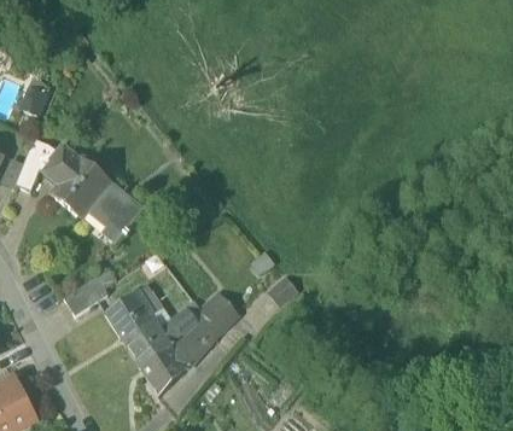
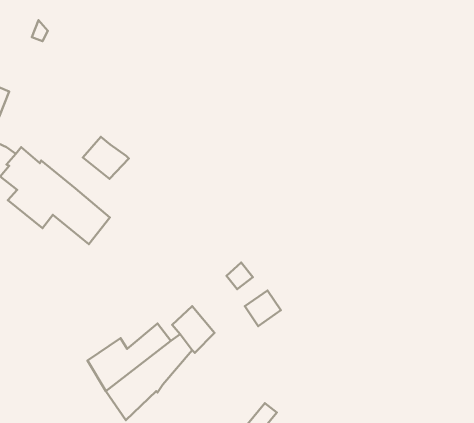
building: none -> [83,137,129,179]
building: [63,275,107,314] -> none
building: [105,289,163,339] -> none

